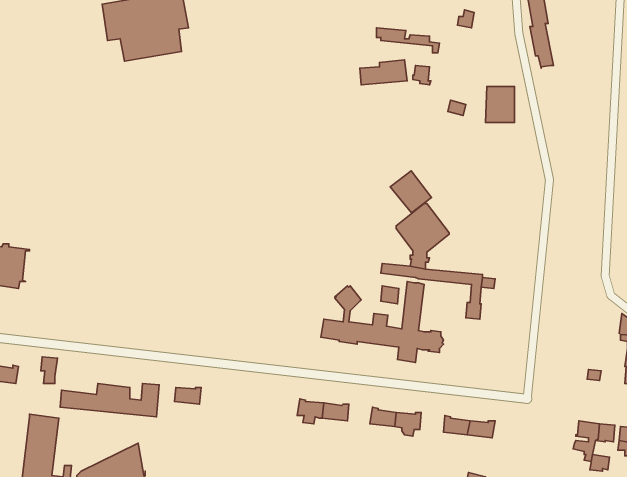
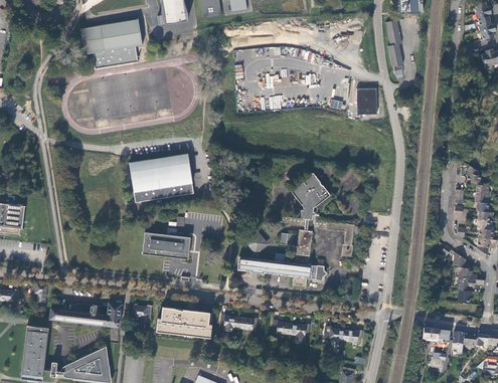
building: [390,171,432,213] -> none
building: none -> [129,152,193,201]
building: none -> [142,231,190,258]
building: none -> [159,308,210,339]

